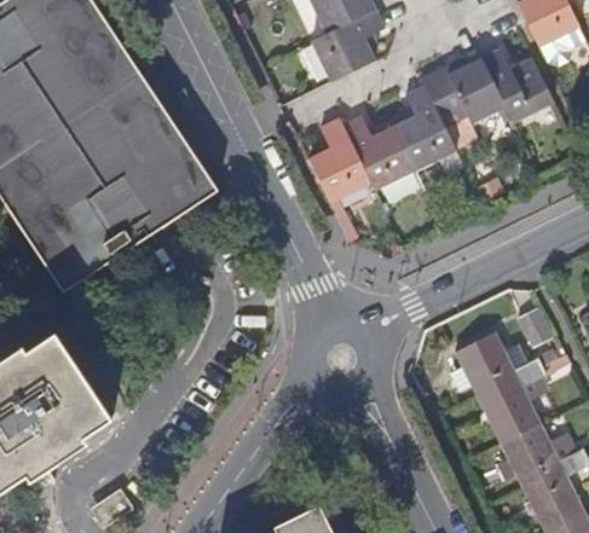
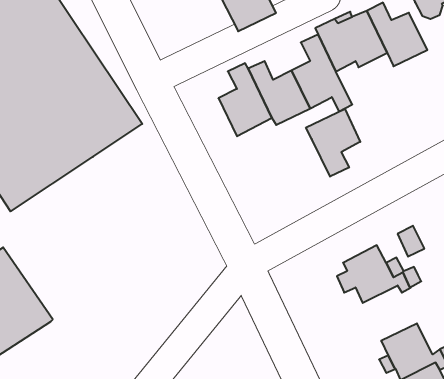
building: none -> [306,109,360,177]
building: [478,380,542,445] -> none

